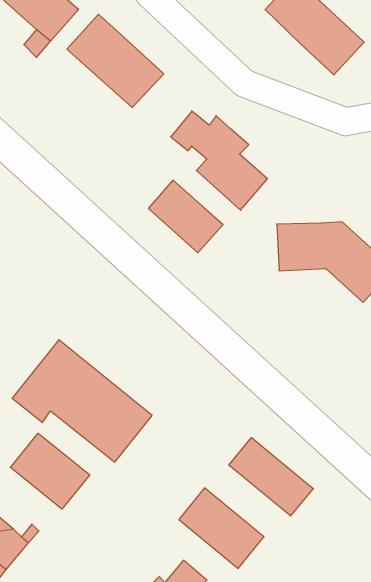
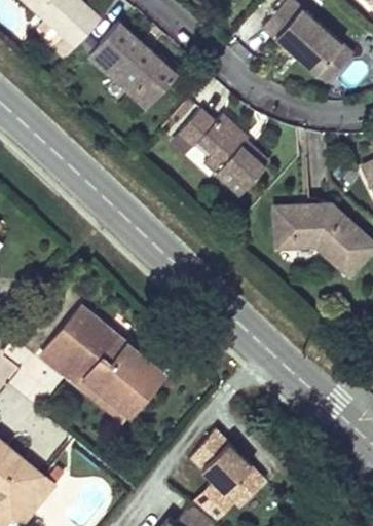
building: [149,180,223,253] -> none
building: [10,433,90,509] -> none
building: [229,438,313,516] -> none

